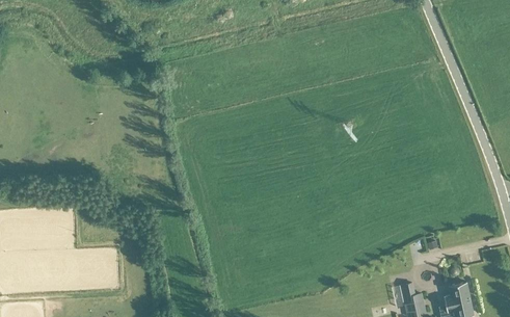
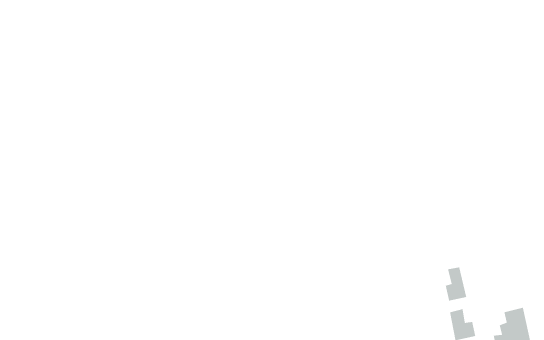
building: none -> [445,267,467,302]

